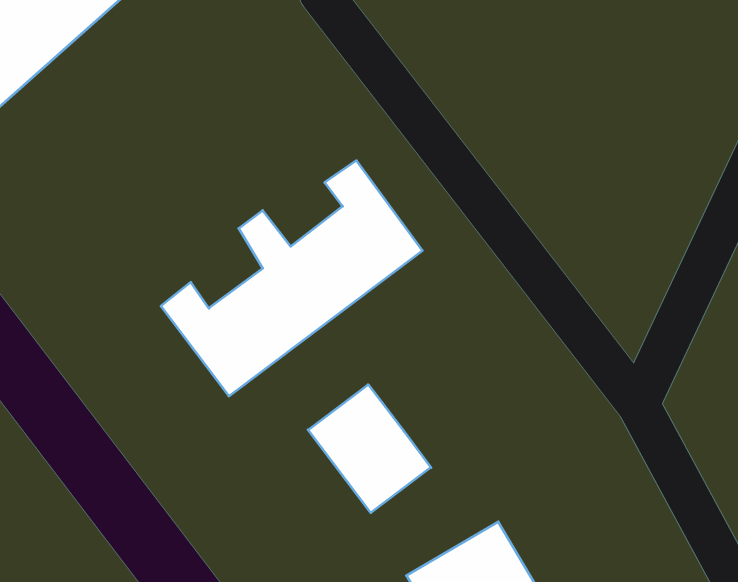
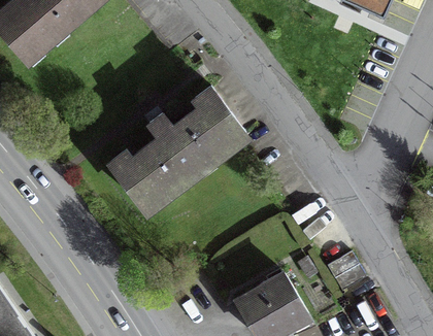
building: [308,385,431,513] -> none

